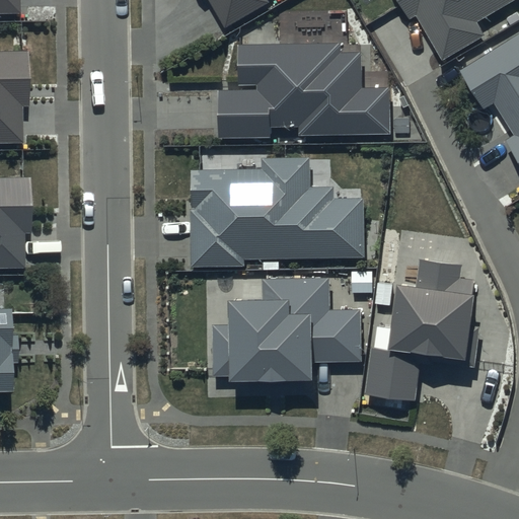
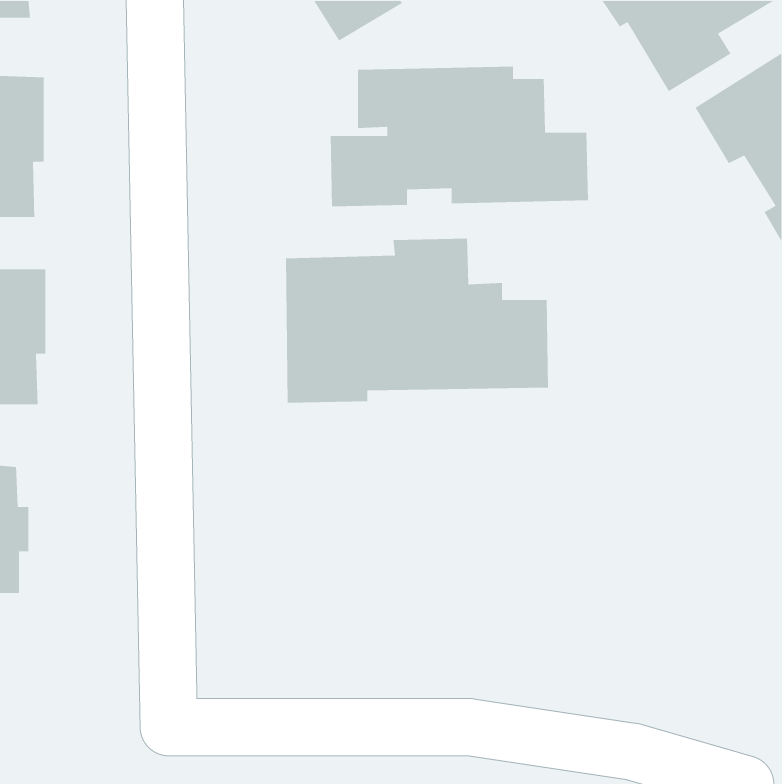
building: [366,260,478,398] -> none
building: [211,277,361,382] -> none

